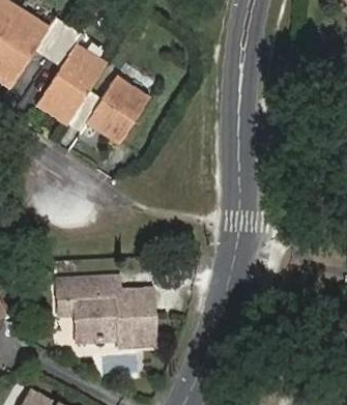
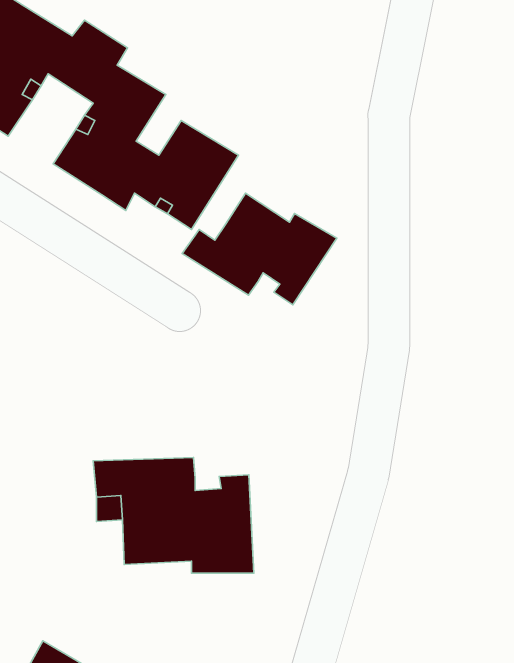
building: none -> [182,193,337,305]

